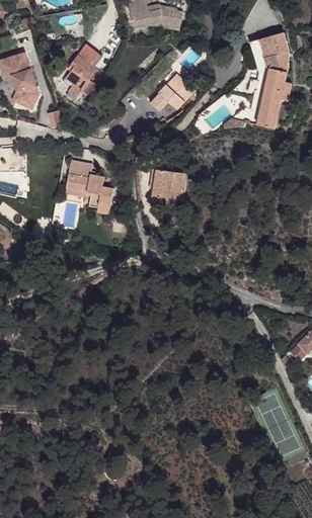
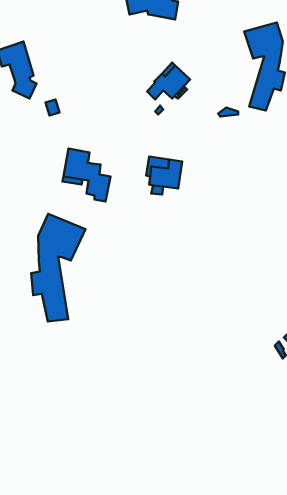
building: [66,50,102,97] -> none
building: none -> [31,214,85,322]

